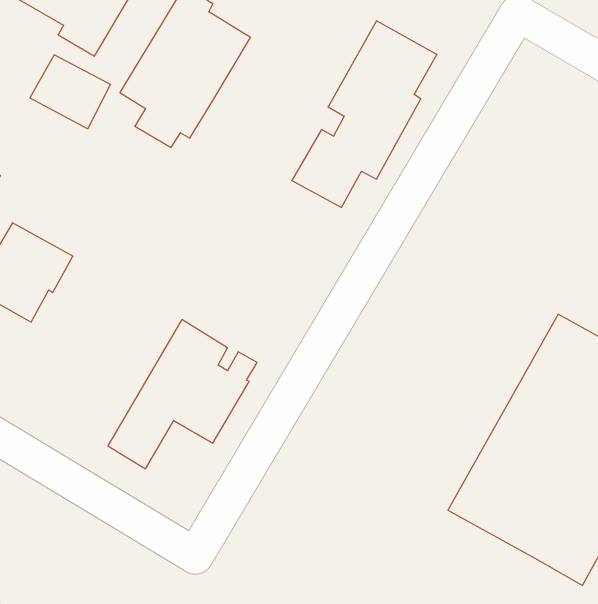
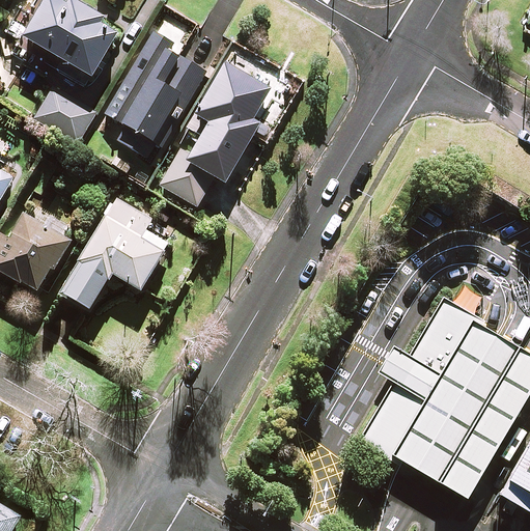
building: [292,21,437,207] -> [160,62,272,206]
building: [108,320,257,469] -> [60,195,175,310]

